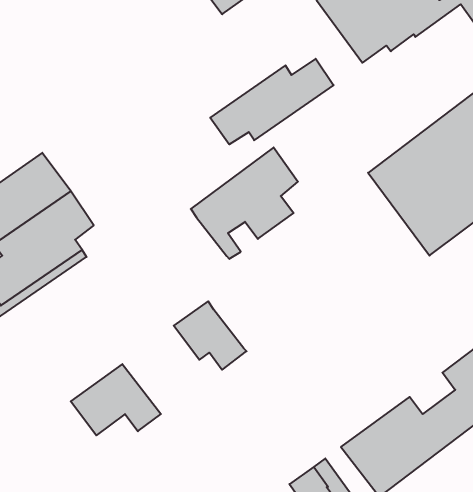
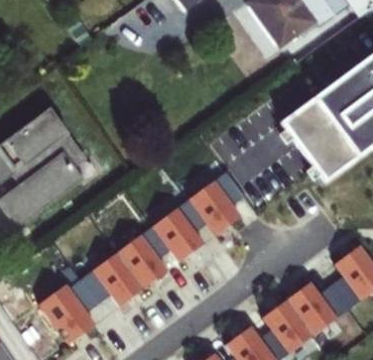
building: [210,59,334,144] -> none
building: [191,147,298,259] -> [168,170,244,249]
building: none -> [108,231,166,293]
building: none -> [39,283,95,343]

